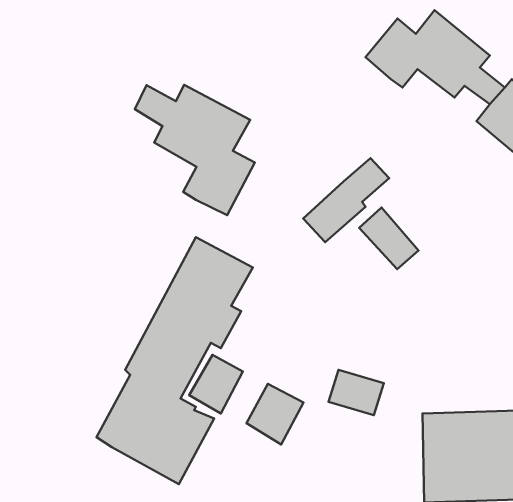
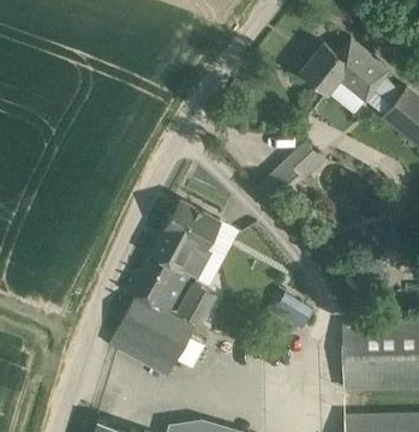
building: [135,85,255,215] -> none
building: [359,207,419,269] -> none
building: [247,384,304,445] -> none

